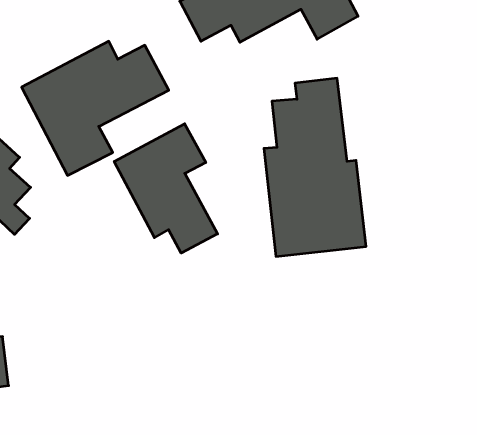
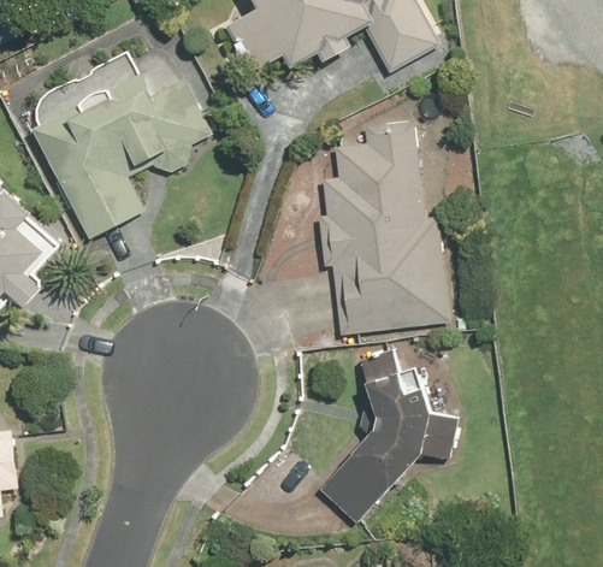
building: [114,124,218,253] -> none
building: none -> [319,349,453,521]

